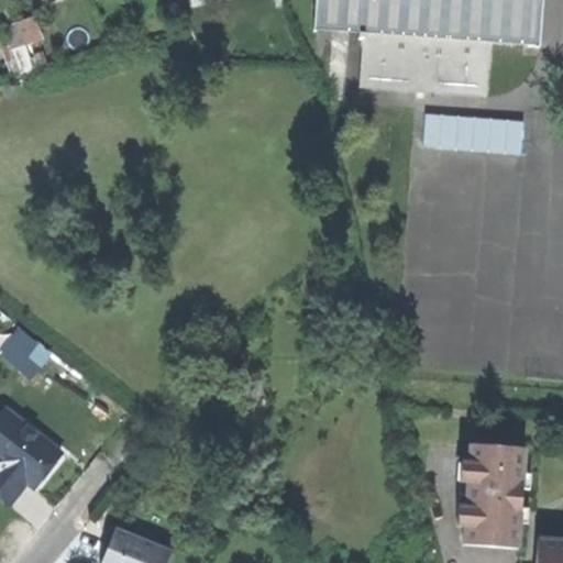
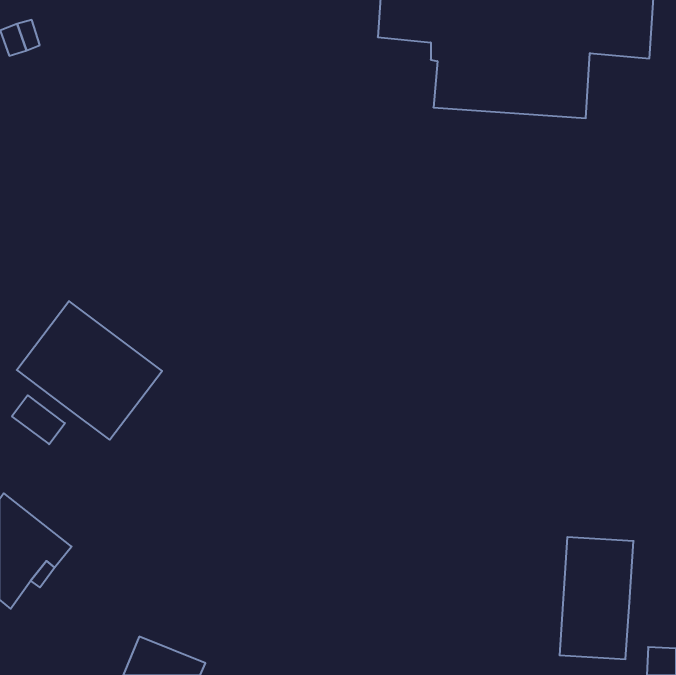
building: [424,110,527,153] -> none
building: none -> [17,301,162,440]

